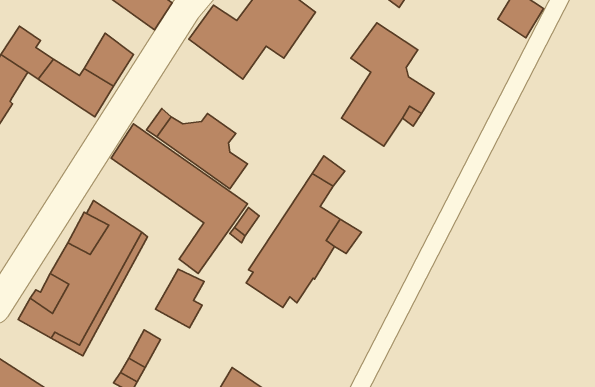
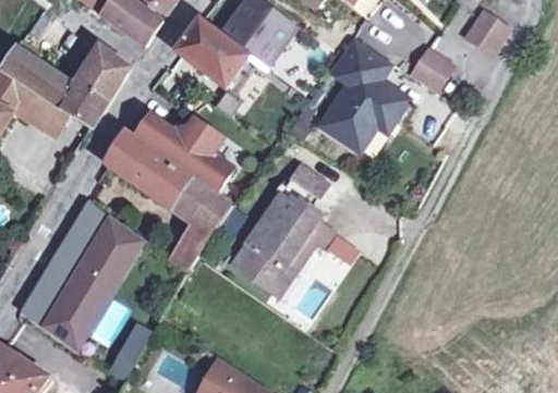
building: none -> [409,47,451,89]
building: none -> [12,83,70,135]
building: [156,269,204,328] -> none

